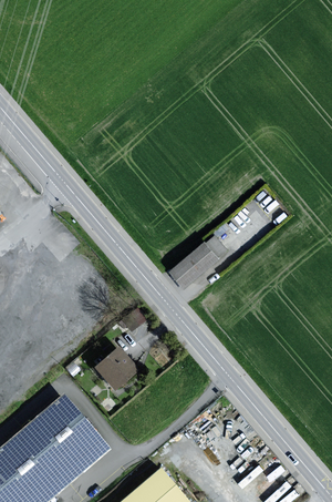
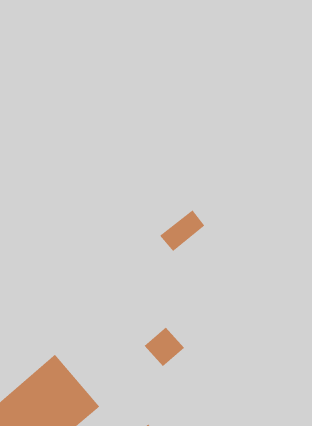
building: [94,348,137,390] -> [144,327,185,367]

